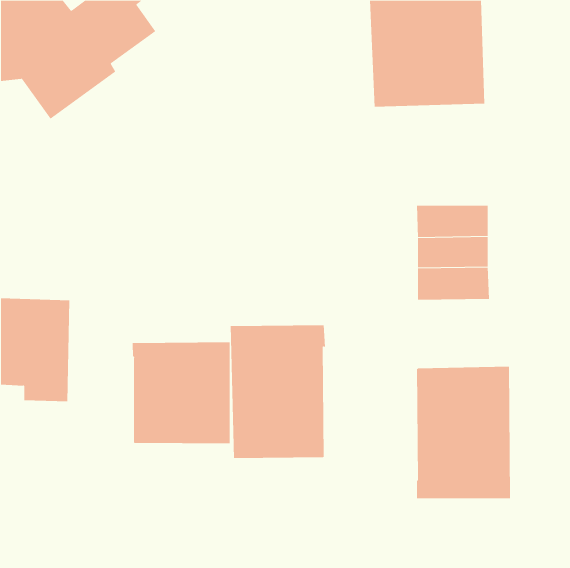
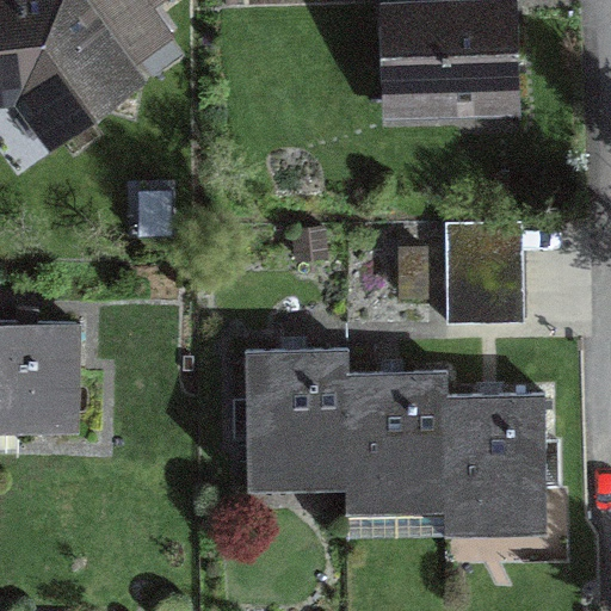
building: [132,341,230,444] -> none
building: none -> [346,371,446,516]

